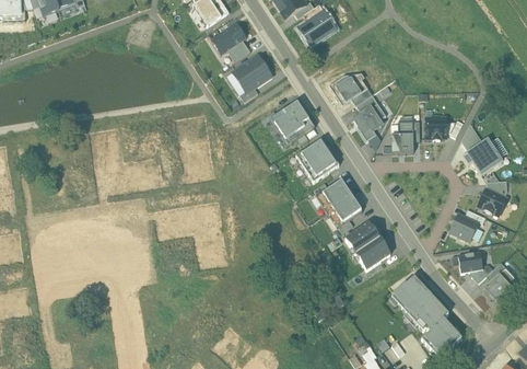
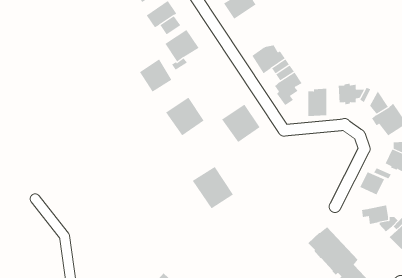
building: none -> [139,59,172,92]
building: [270,101,314,145] -> [165,97,204,136]
building: [315,180,362,228] -> [192,166,234,209]
building: [344,221,390,269] -> none

